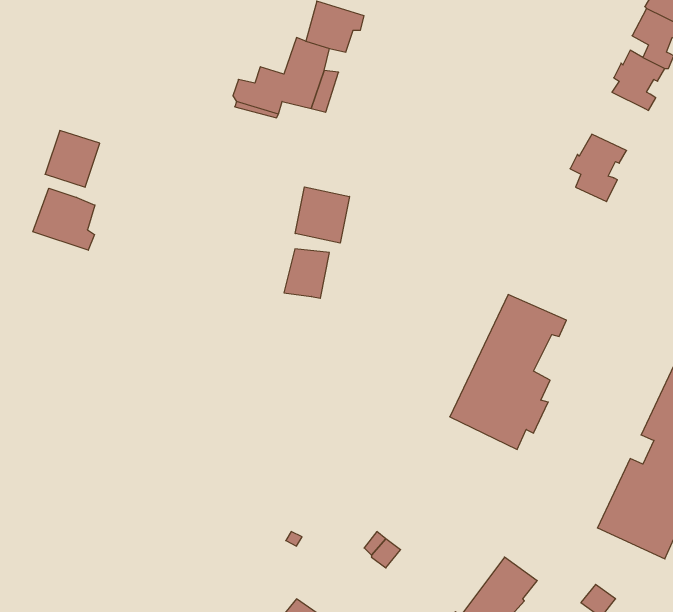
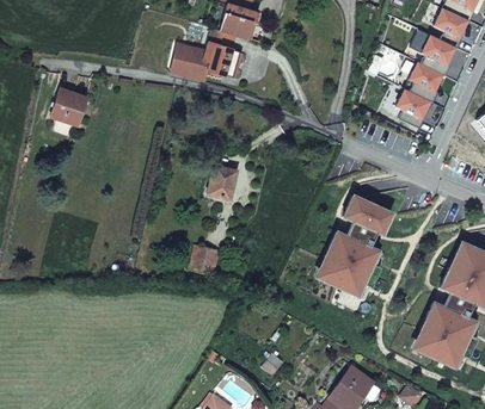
building: none -> [406,63,443,103]
building: [295,187,349,243] -> none
building: [33,188,95,250] -> none
building: none -> [189,244,219,272]

